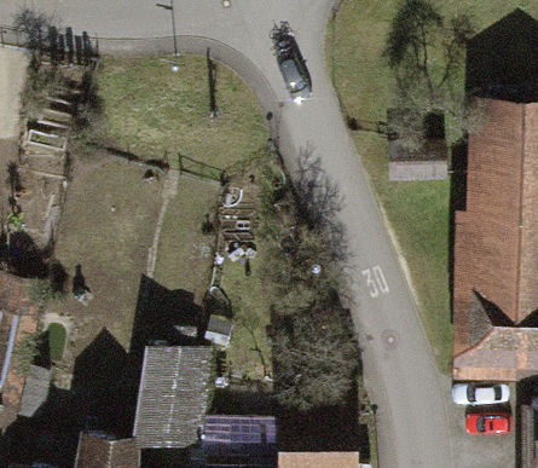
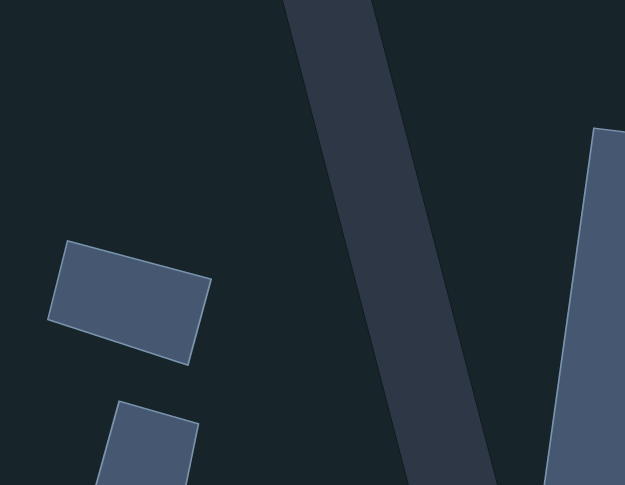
building: none -> [48,241,211,365]

